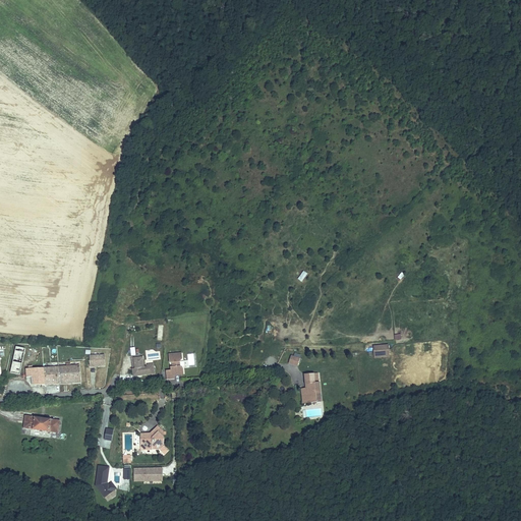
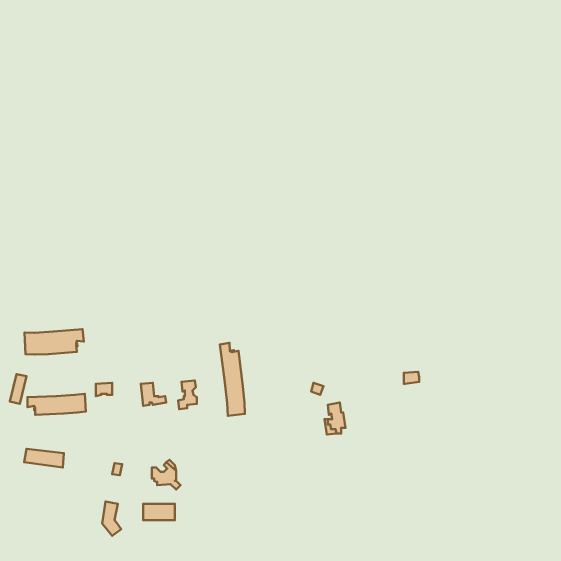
building: none -> [24,329,84,354]
building: none -> [220,343,245,416]

